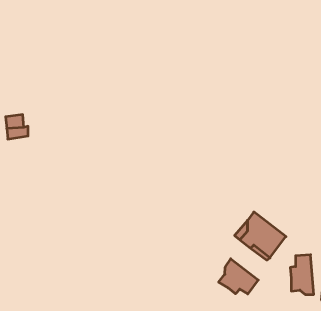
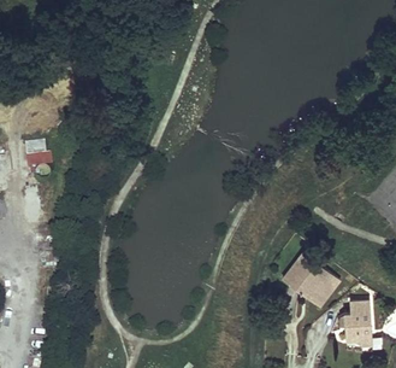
building: [219,259,258,294] -> none

